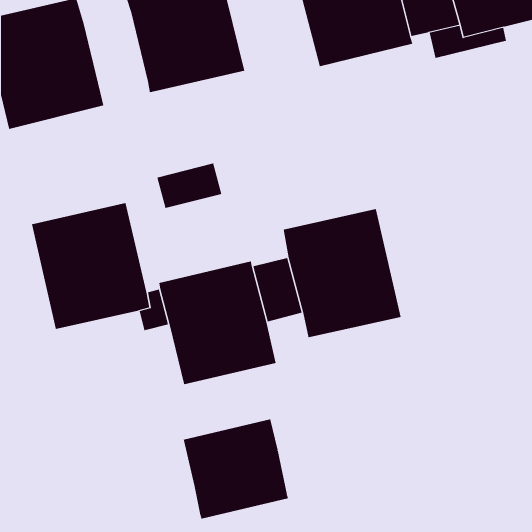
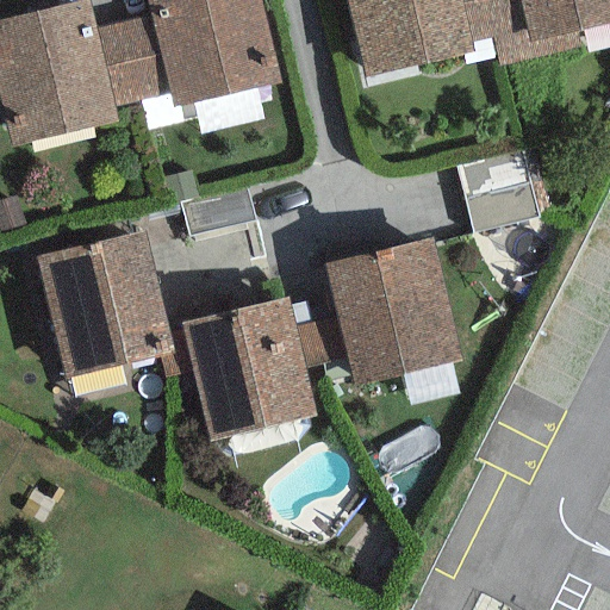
building: none -> [98,14,169,106]
building: none -> [453,144,540,235]
building: [183,419,288,519] -> none

